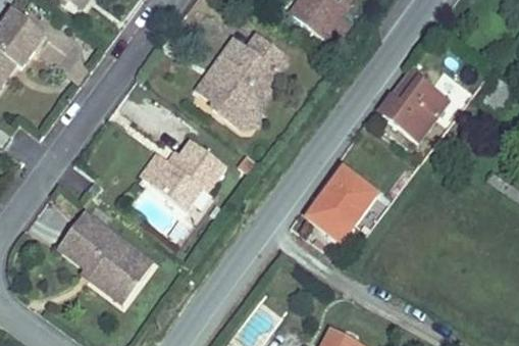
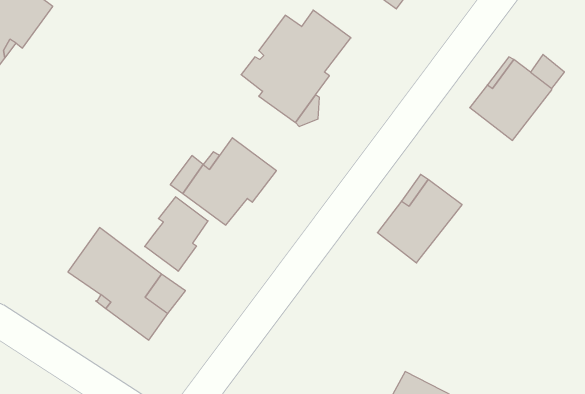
building: none -> [145,197,208,271]

